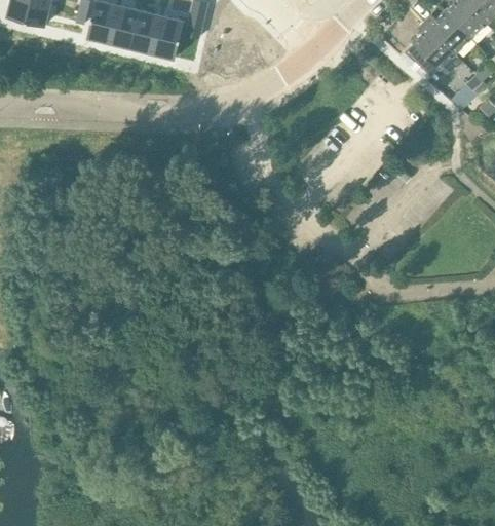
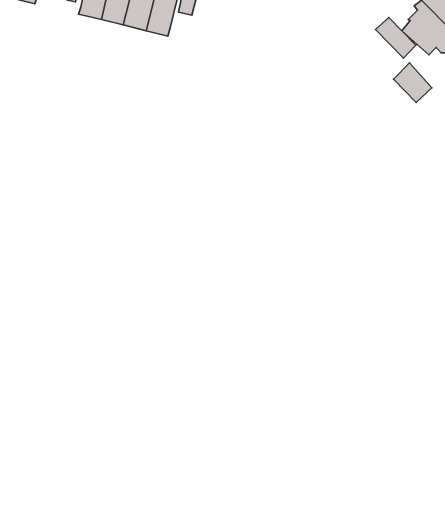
building: none -> [376,18,416,58]
building: none -> [393,63,432,103]

